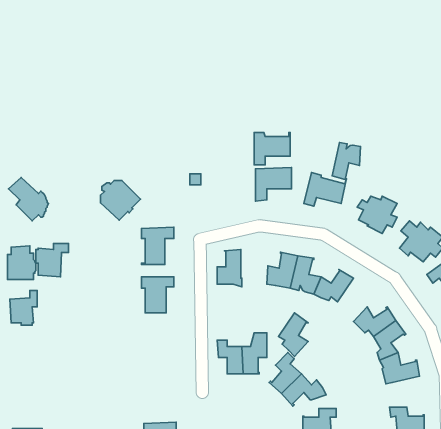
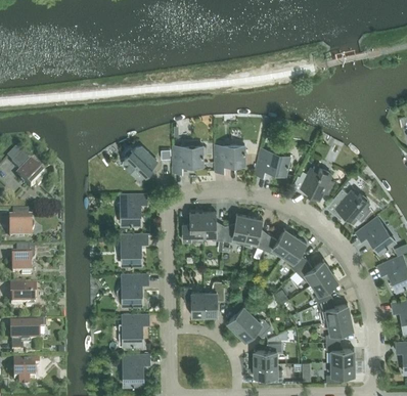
building: [254,133,290,165] -> [173,146,202,173]
building: [332,143,361,180] -> none
building: [101,180,140,220] -> [124,147,156,180]
building: [36,244,68,277] -> none
building: none -> [202,213,225,241]
building: [279,313,308,356] -> [282,236,307,272]
building: none -> [122,275,148,305]
building: none -> [11,284,36,308]
building: none -> [122,315,149,346]
building: none -> [325,317,353,343]
building: none -> [11,319,46,351]

